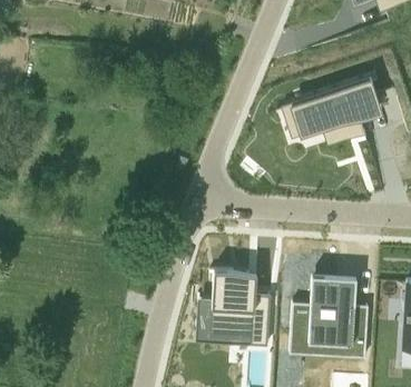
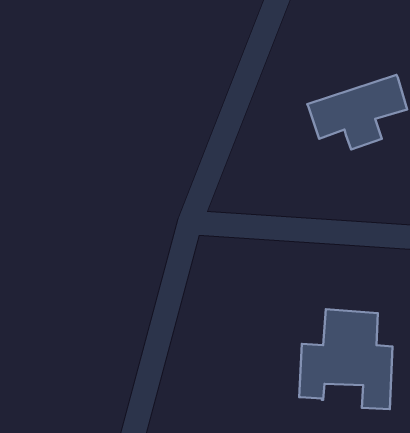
building: [207,265,270,336] -> none

